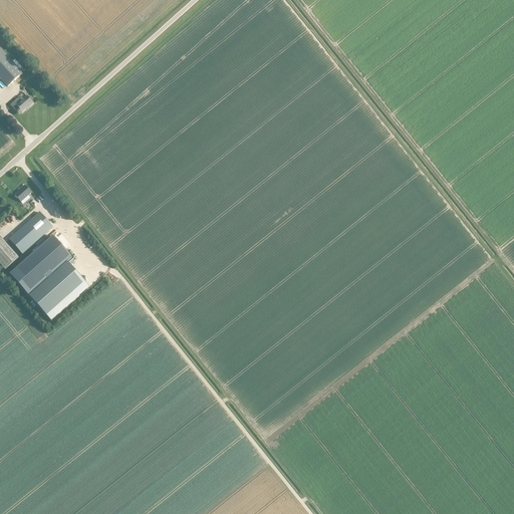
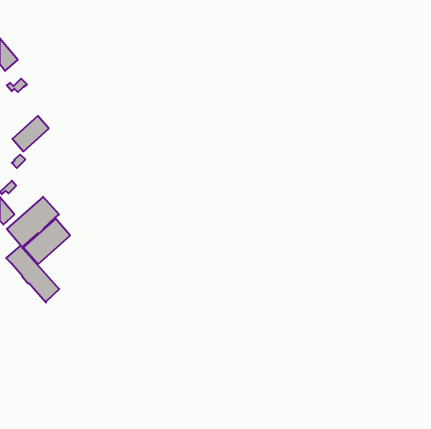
building: [8,210,51,252] -> [12,116,49,151]
building: none -> [6,246,59,303]

